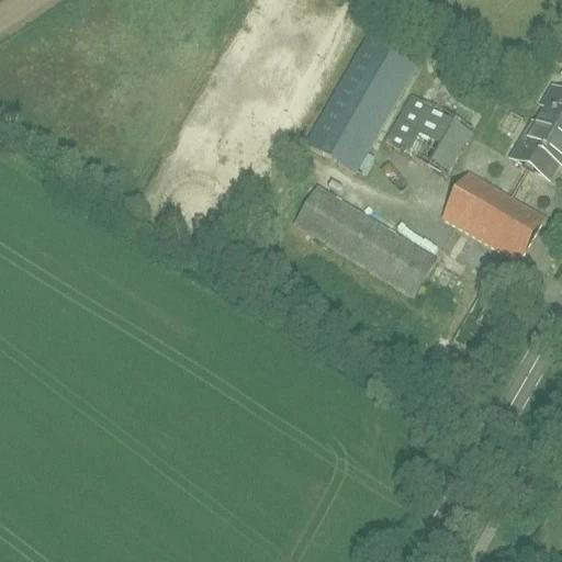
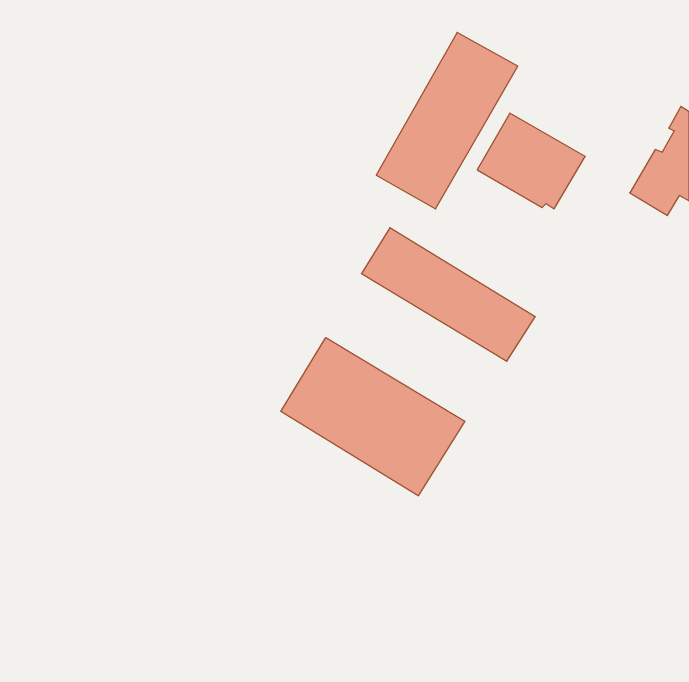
building: [442,171,546,261] -> none
building: none -> [281,338,465,496]

